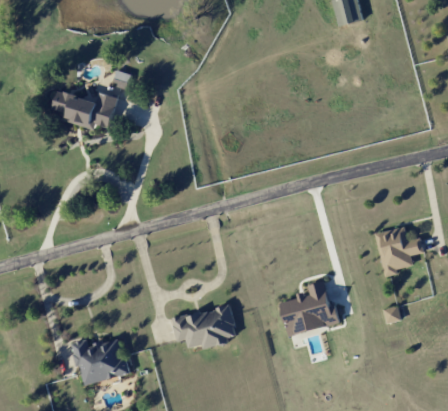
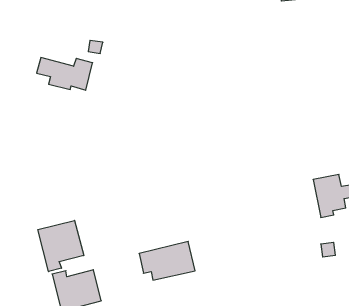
building: none -> [38,220,84,272]
building: [281,280,337,335] -> none

